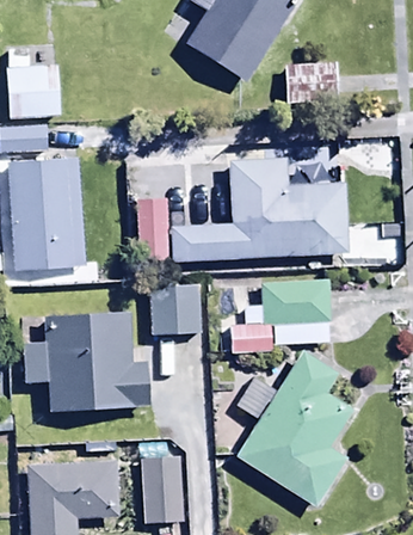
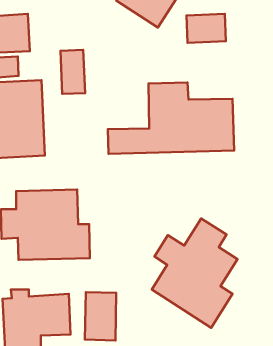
building: [137,197,172,259] -> [60,50,85,94]
building: [232,281,333,355] -> none
building: [147,283,202,337] -> none

